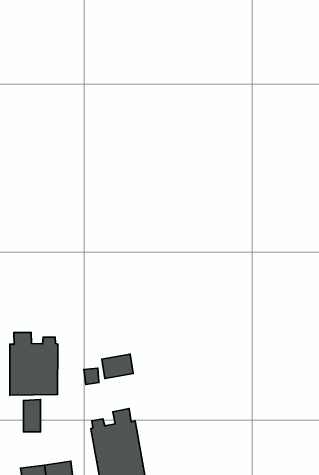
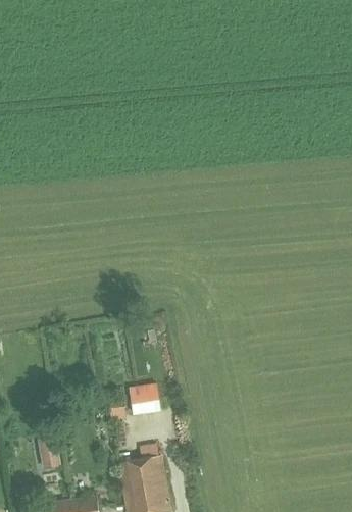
building: [10,332,58,395] -> none

